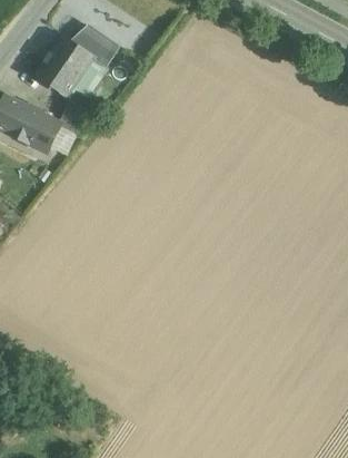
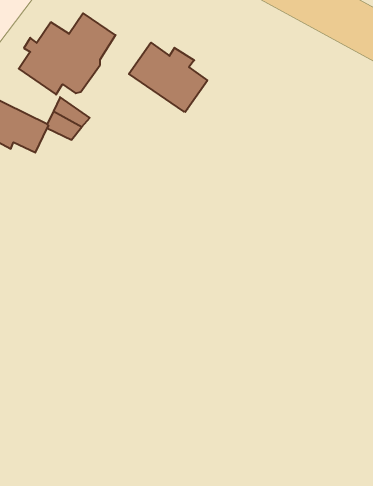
building: none -> [129,43,207,112]

